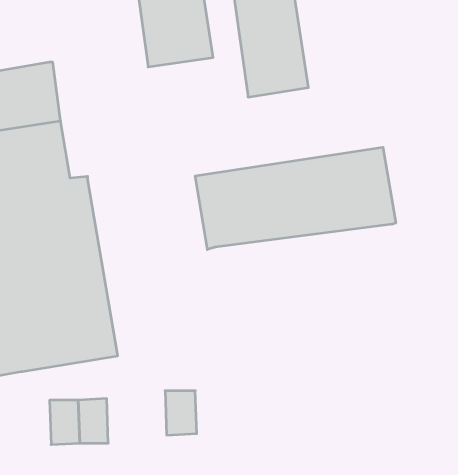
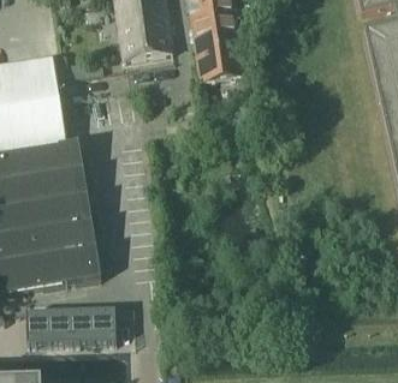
building: [195,147,396,250] -> none
building: [165,391,197,435] -> [93,309,117,342]
building: none -> [26,310,51,343]

